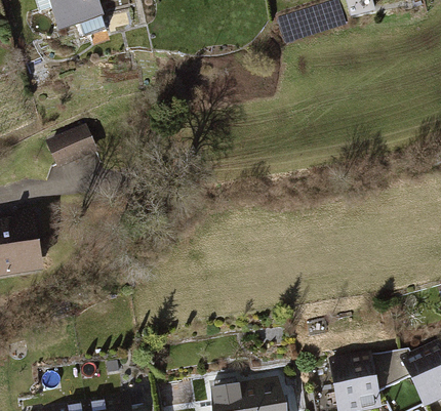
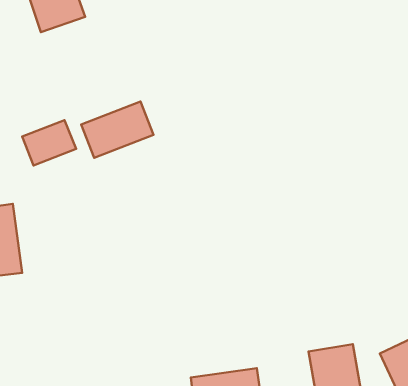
building: none -> [81,101,153,158]

